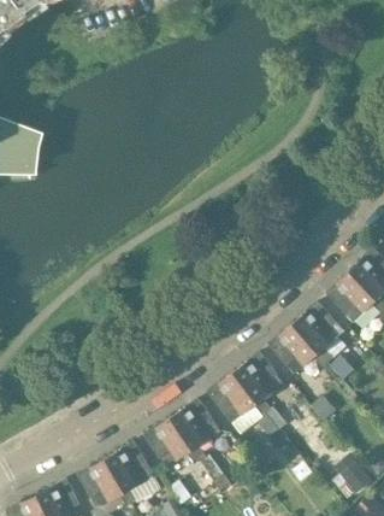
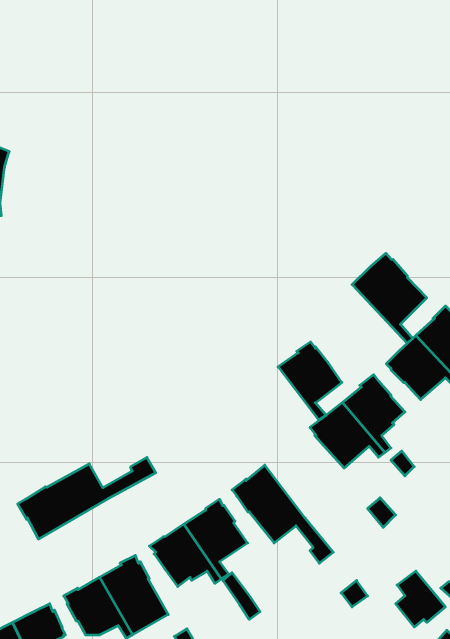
building: none -> [352,253,427,343]
building: [232,353,282,414] -> [278,342,342,420]
building: none -> [18,457,156,539]

